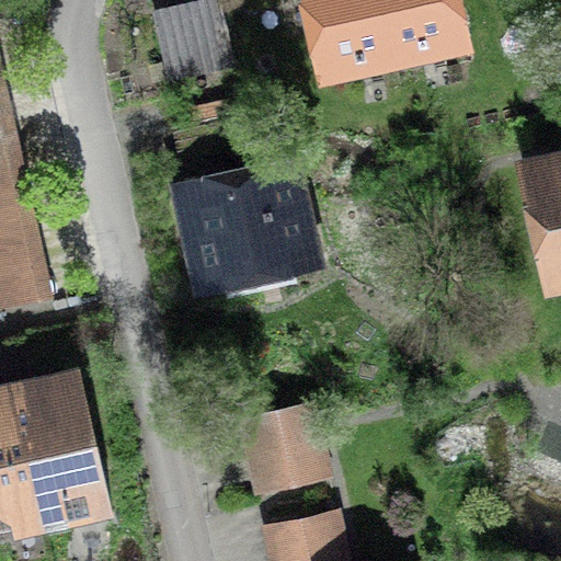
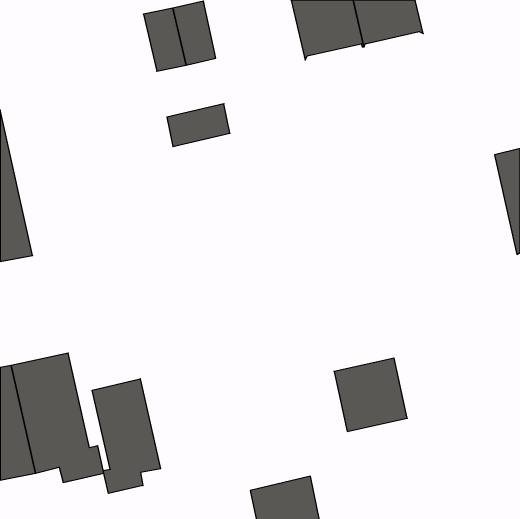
building: [187,169,306,275] -> none
building: [245,408,324,486] -> [334,358,407,431]
building: none -> [92,379,161,493]

